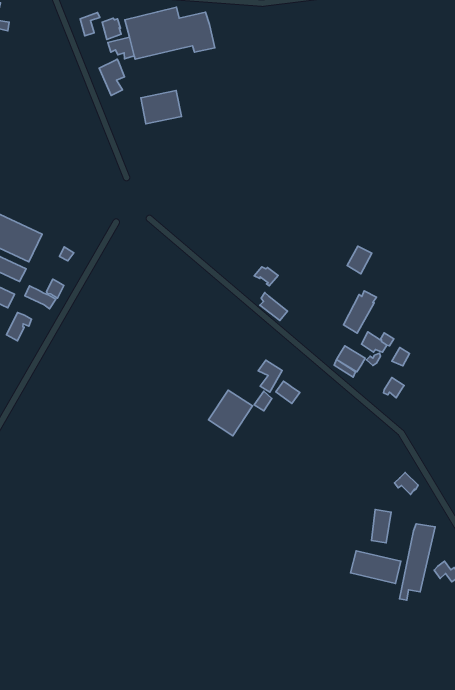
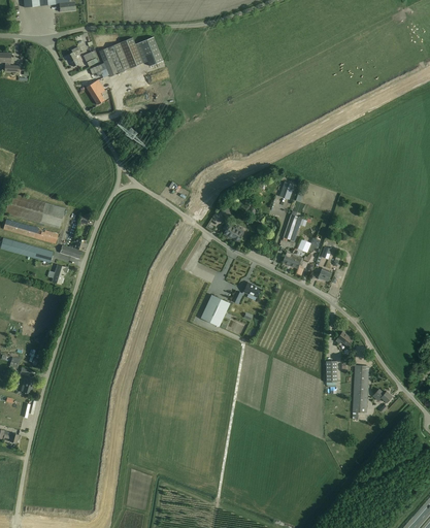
building: [141,90,181,124] -> none
building: [351,551,401,583] -> none

